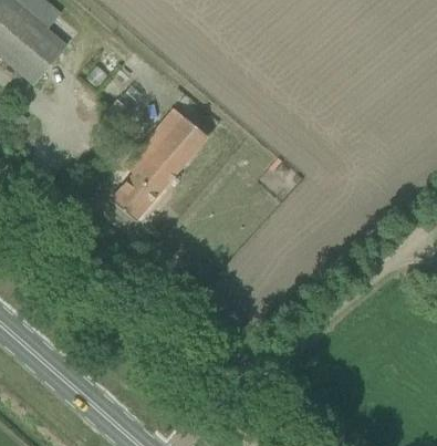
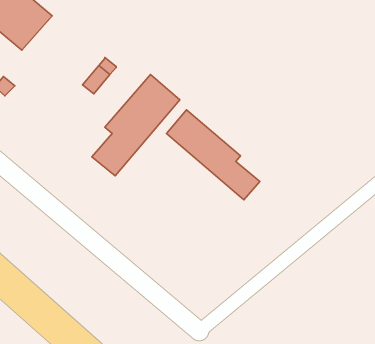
building: none -> [166,110,260,200]

